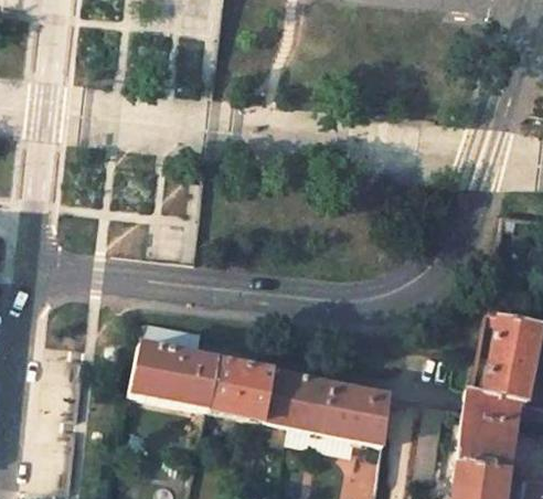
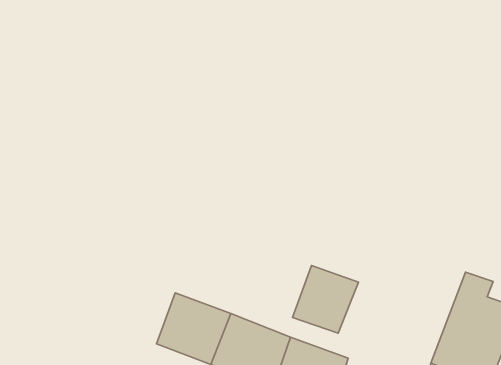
building: none -> [292,265,359,333]
building: [132,321,219,408] -> none

